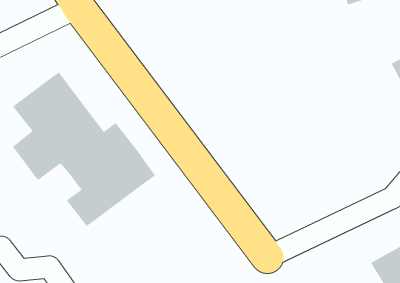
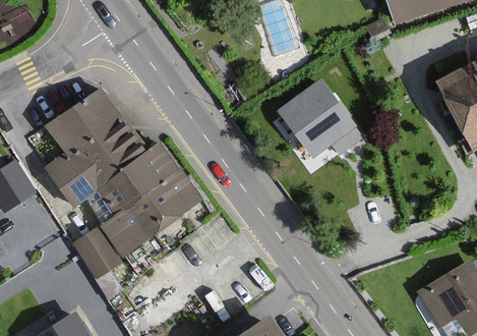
building: none -> [278,81,359,156]
building: none -> [74,229,118,276]

